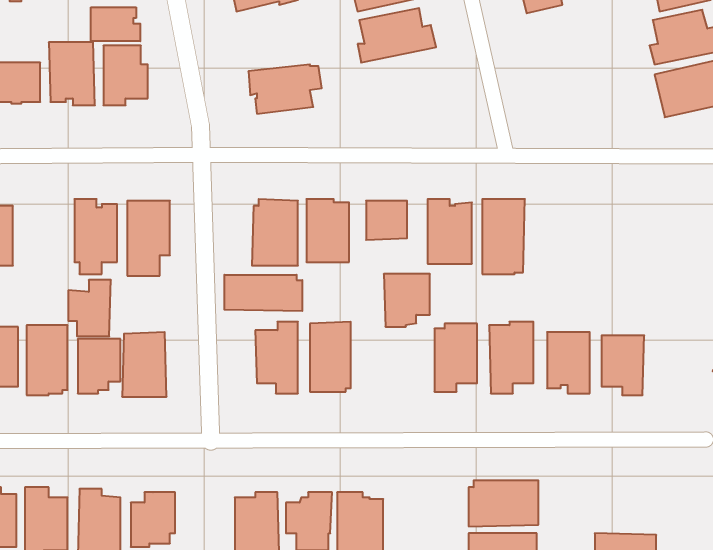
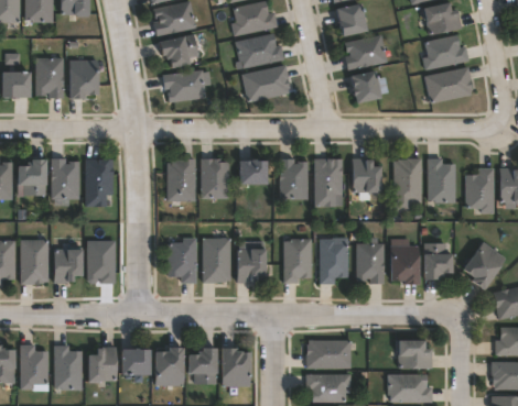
building: [91,7,140,41] -> none
building: none -> [159,35,198,70]
building: none -> [345,35,387,70]
building: none -> [242,66,290,102]
building: none -> [352,72,388,102]
building: none -> [352,157,380,199]
building: none -> [393,157,422,202]
building: none -> [427,157,455,202]
building: [384,274,430,327] -> [236,248,266,282]
building: [224,275,302,311] -> none
building: [68,280,111,336] -> [18,157,45,194]
building: none -> [424,242,453,278]
building: none -> [396,339,432,367]
building: none -> [120,347,149,374]

